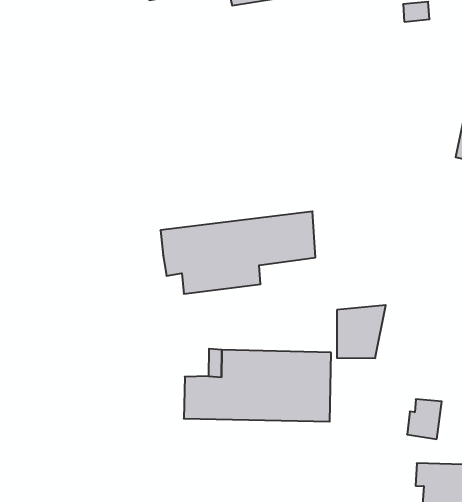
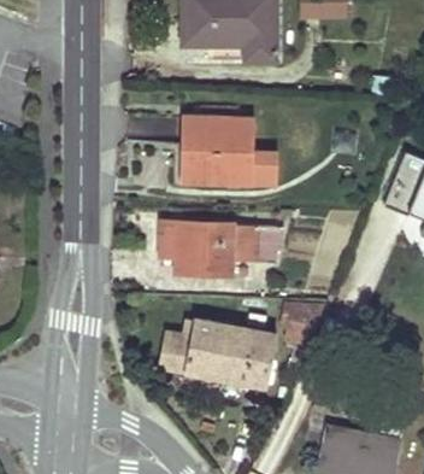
building: none -> [182,117,278,182]

